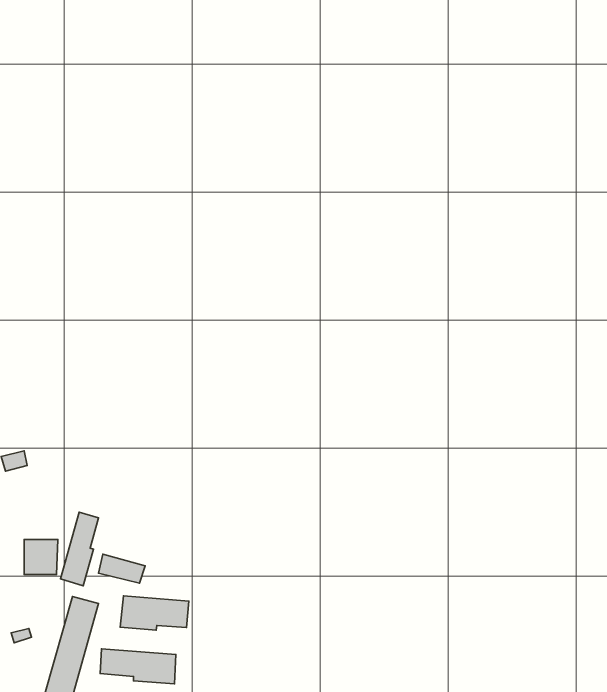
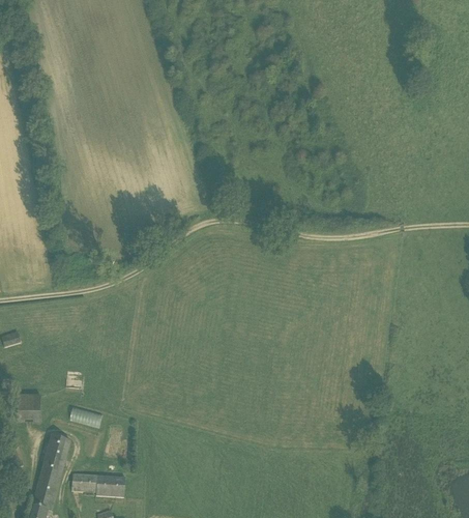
building: [61,512,98,586] -> none
building: [120,596,189,630] -> none

